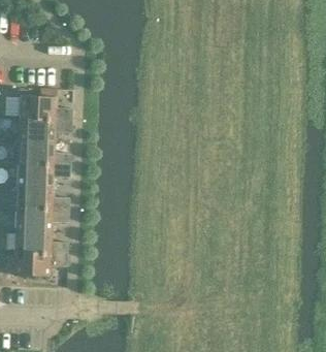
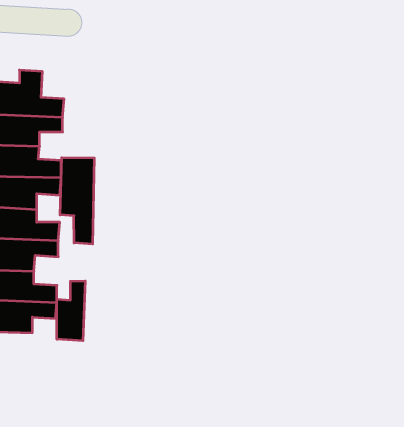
building: none -> [60,158,94,244]
building: none -> [57,281,85,341]

